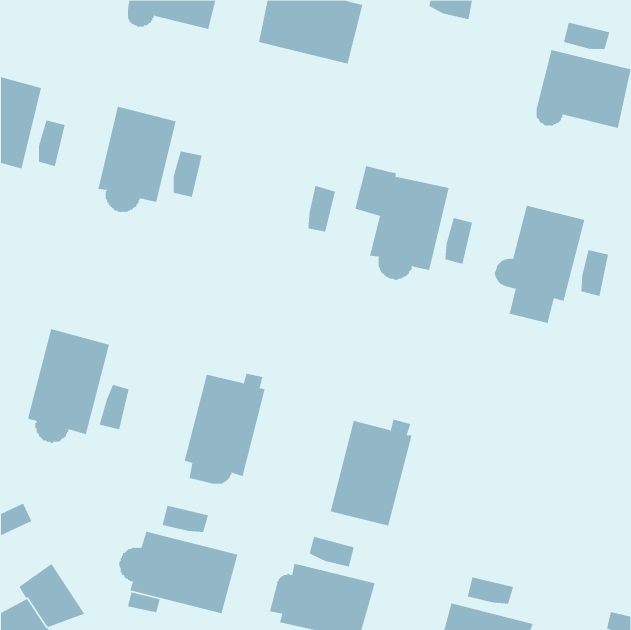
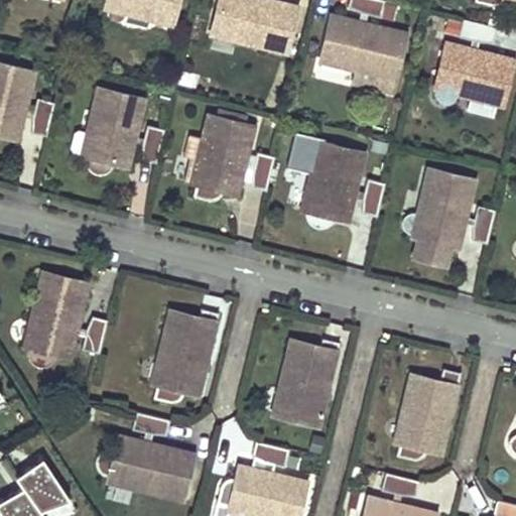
building: none -> [321,13,408,80]
building: none -> [189,118,255,202]
building: none -> [394,368,459,459]

